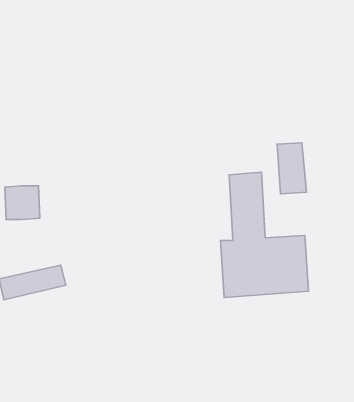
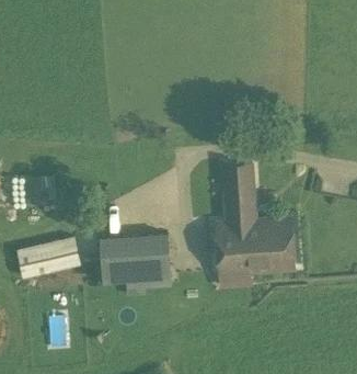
building: [277,143,307,194] -> none
building: none -> [100,233,173,287]

